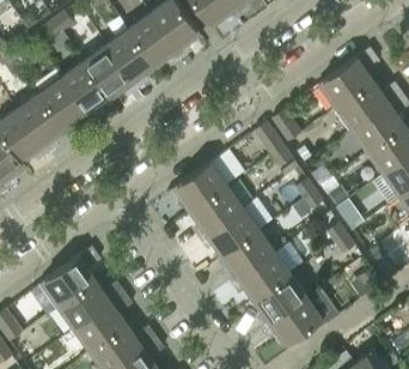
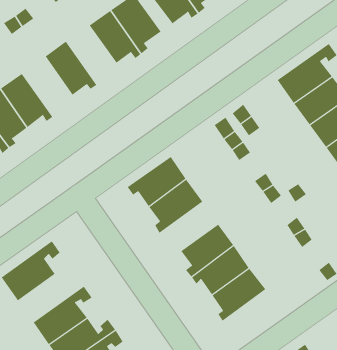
building: [105,29,155,89] -> none
building: [61,60,111,121] -> none
building: [199,206,258,256] -> none
building: [56,279,123,328] -> none
building: [262,295,323,346] -> none

